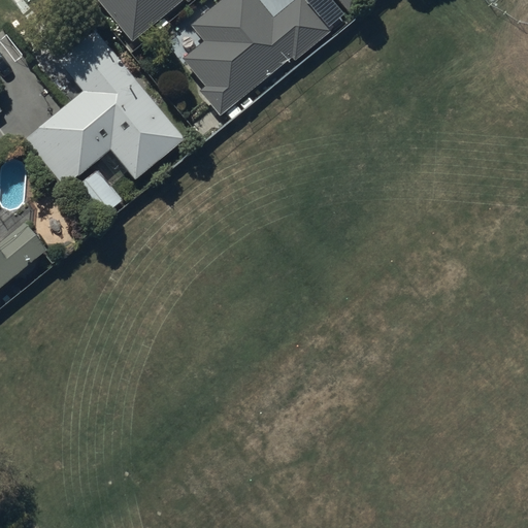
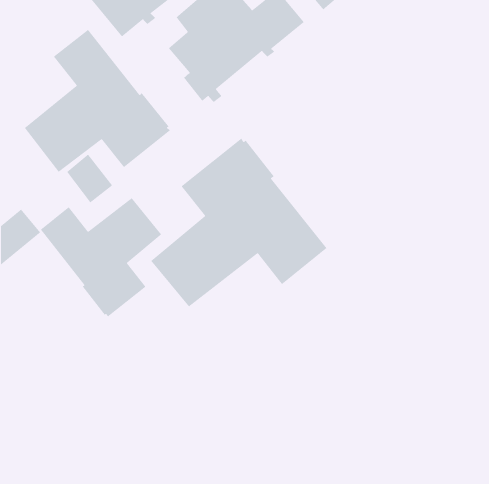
building: none -> [150,137,328,308]
building: none -> [40,197,162,318]

